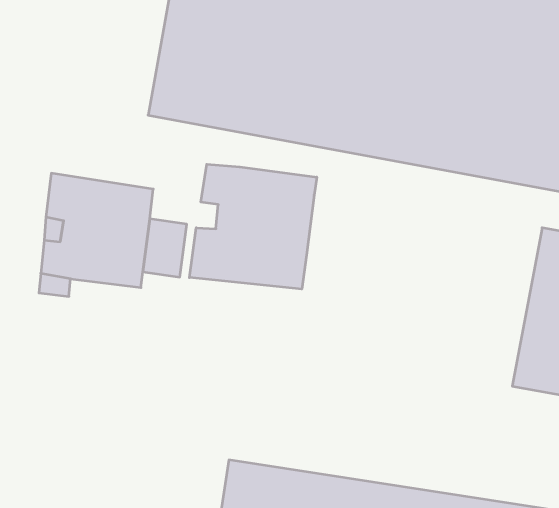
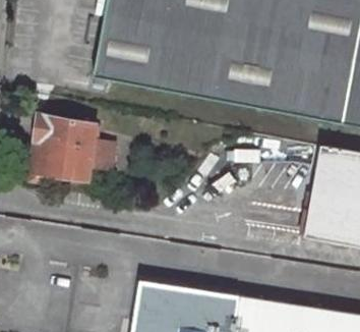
building: [189,164,317,289] -> none

